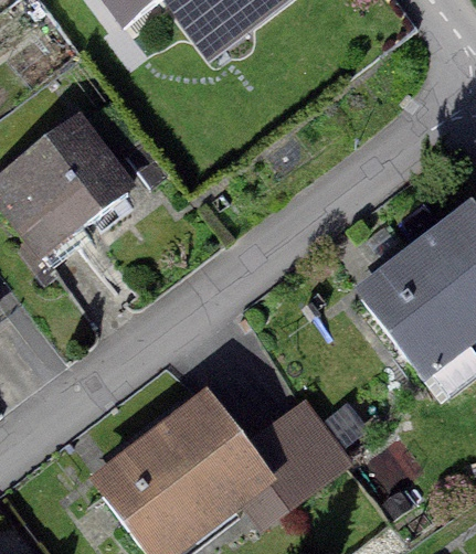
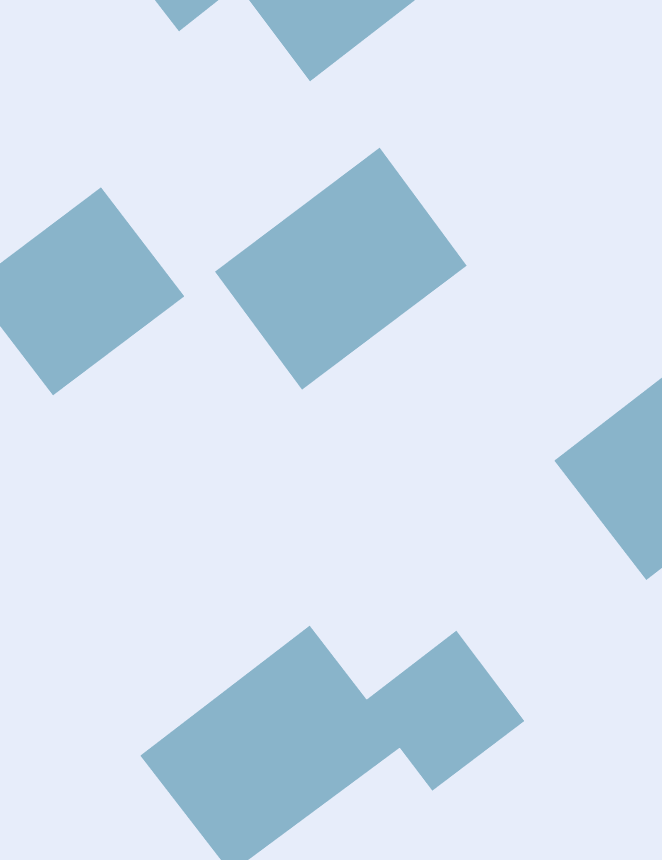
building: none -> [214,147,468,391]

